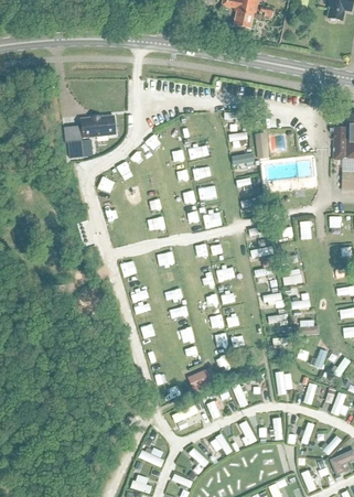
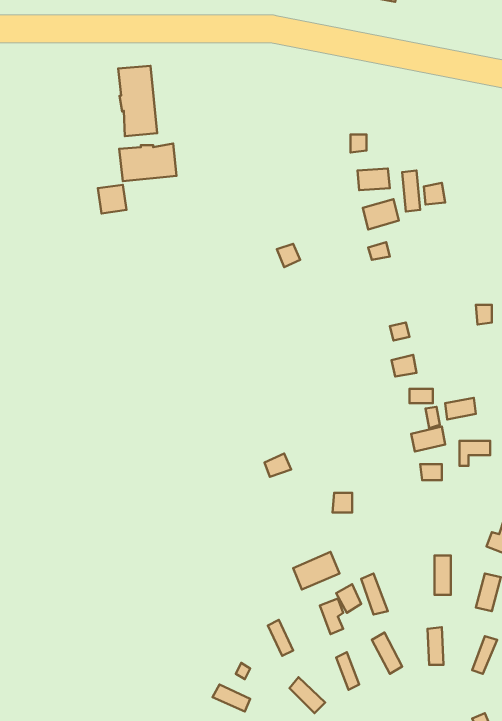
building: none -> [118,66,157,136]

